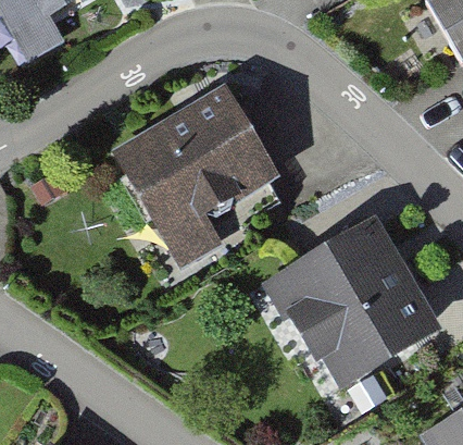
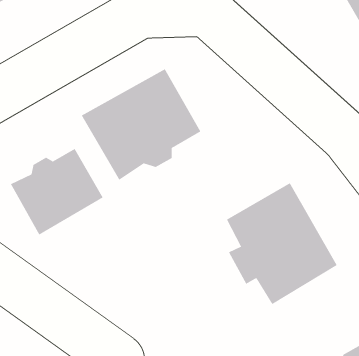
building: none -> [10,148,103,236]

